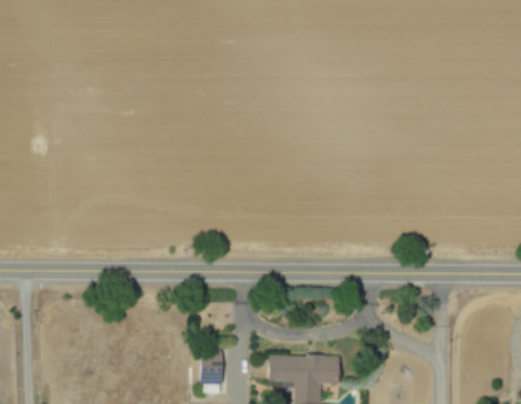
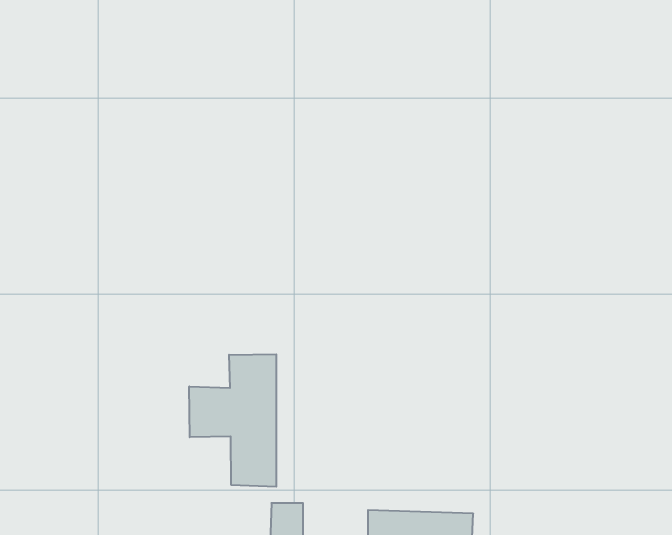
building: none -> [189,354,276,487]

